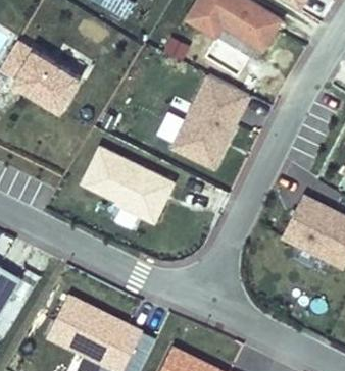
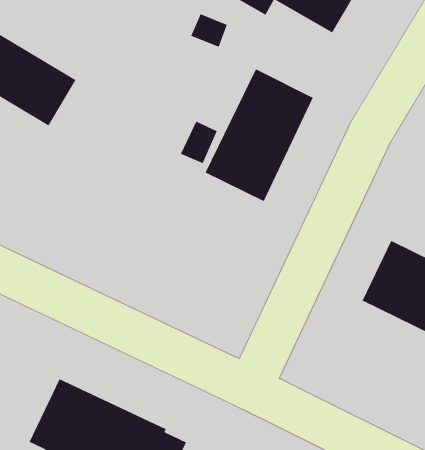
building: [81,150,172,225] -> none

